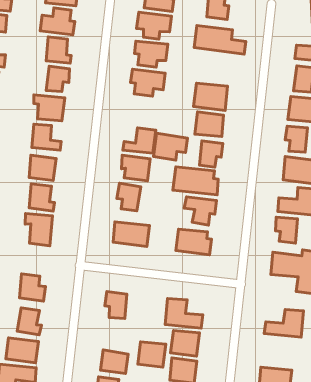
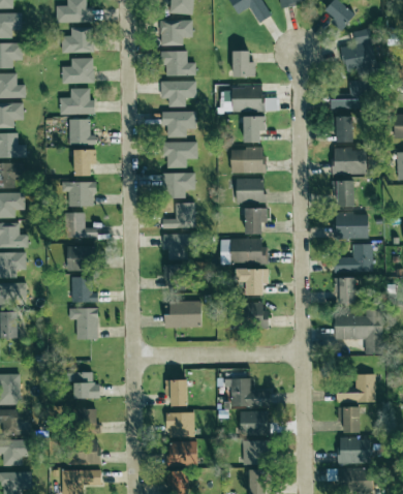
building: none -> [244,116,266,143]
building: [154,133,187,160] -> [162,173,195,198]
building: none -> [338,406,361,432]
building: [138,342,166,367] -> [167,411,194,436]

